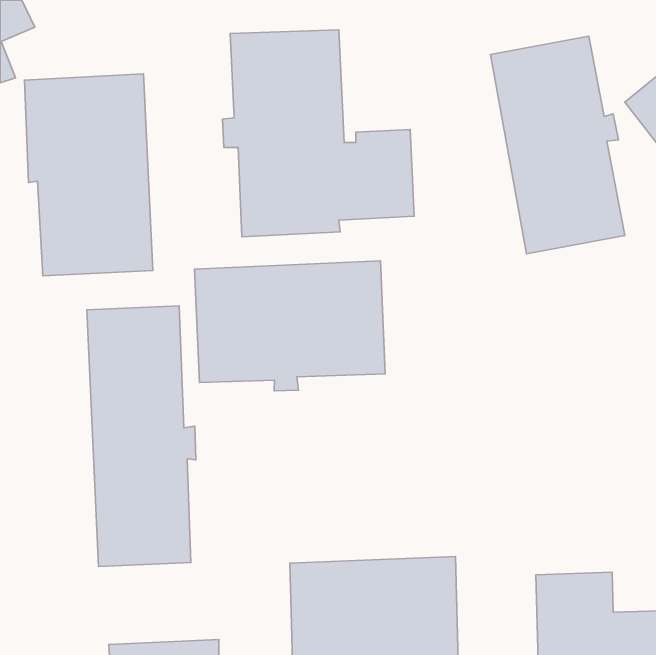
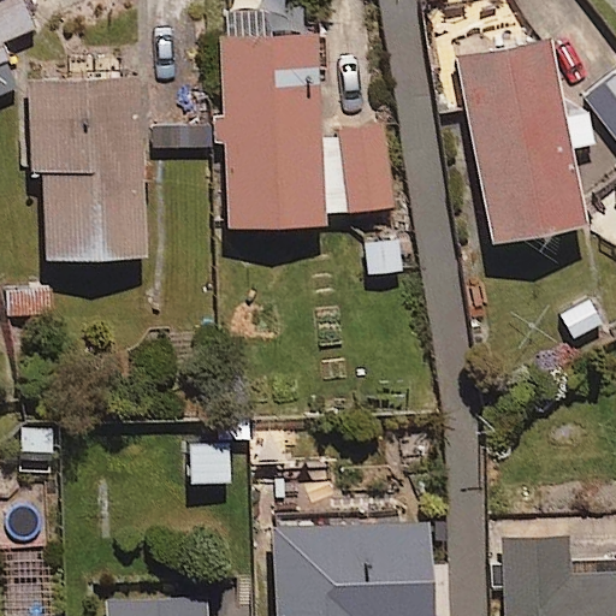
building: [195,261,385,391] -> none
building: [87,306,196,567] -> none

